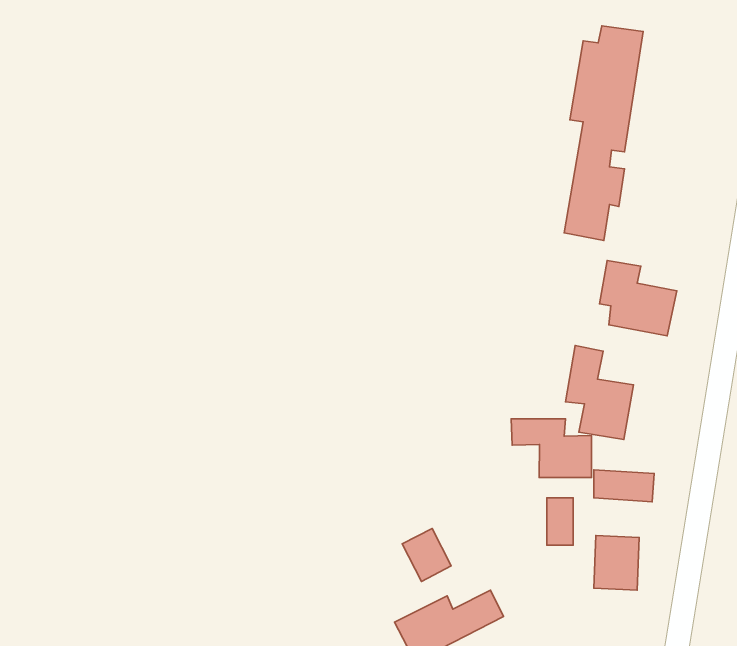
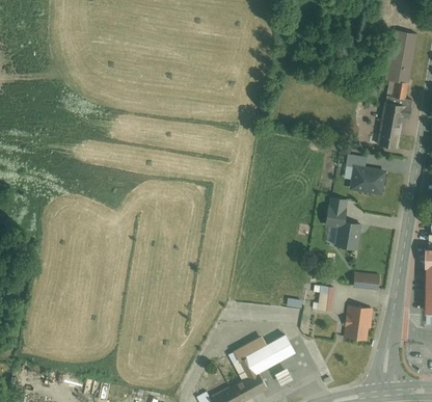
building: [564,26,643,240] -> [373,29,416,148]
building: [511,419,592,478] -> none
building: [402,528,451,581] -> none

